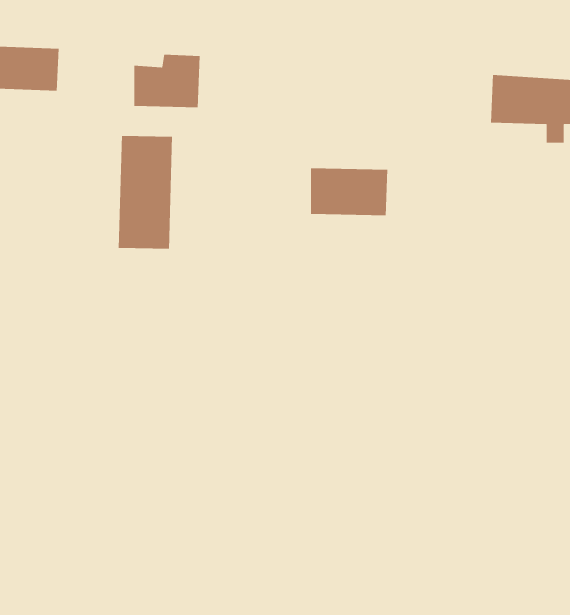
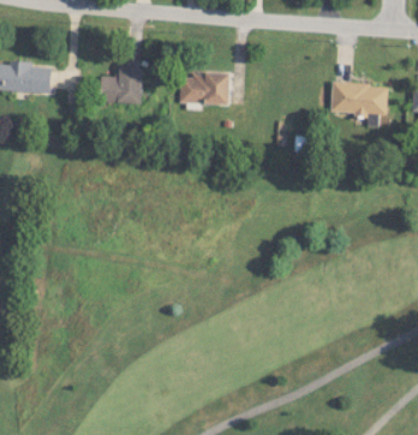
building: [118,135,173,250] -> none
building: [310,168,388,216] -> [179,73,229,105]

